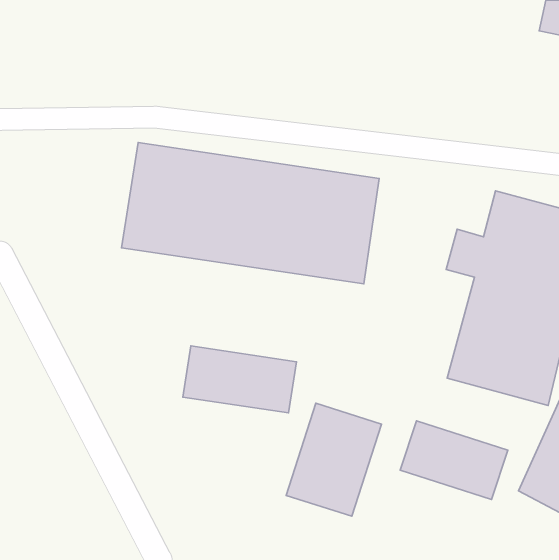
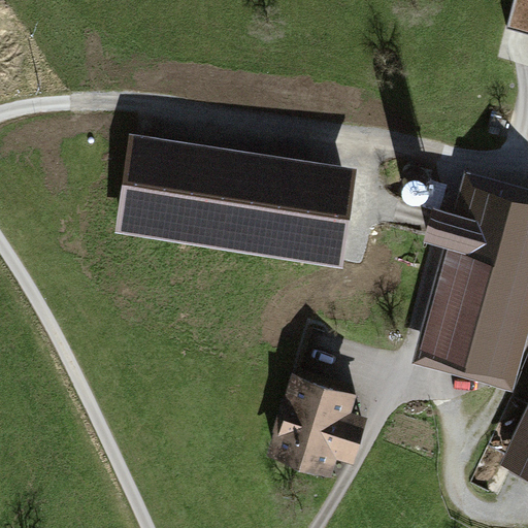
building: [183,346,297,413] -> none
building: [400,421,508,499] -> none

